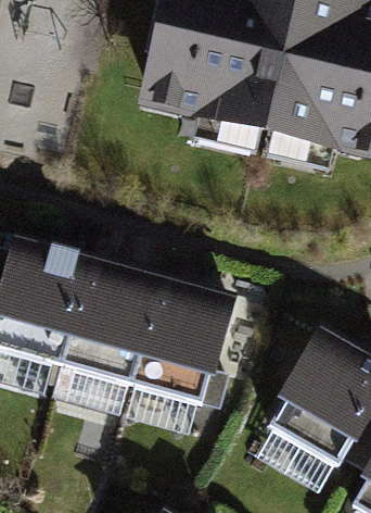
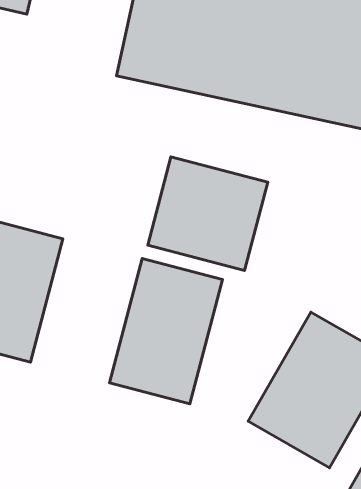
building: none -> [148,157,268,270]
building: [59,258,163,392] -> none

